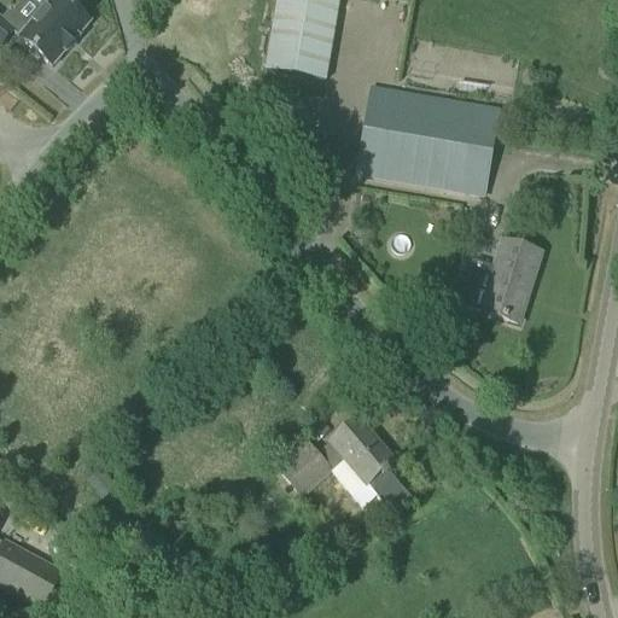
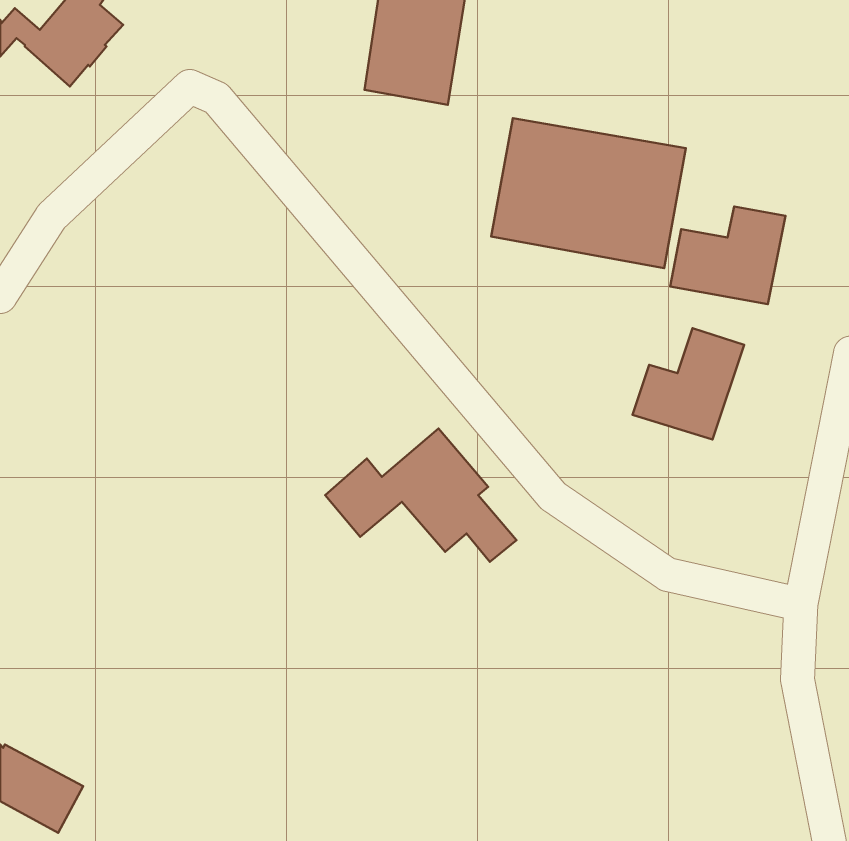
building: none -> [670,207,786,304]
building: [275,416,414,513] -> [325,429,517,562]

